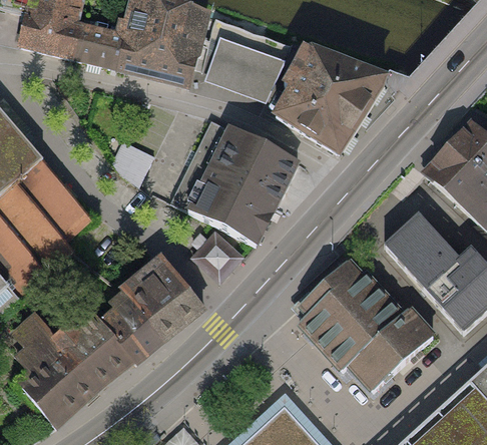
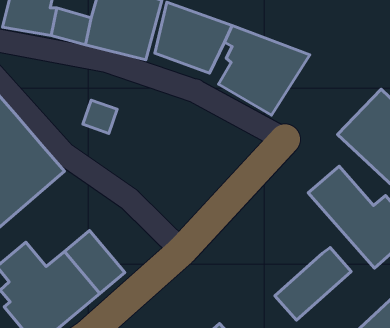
building: [170,118,299,245] -> none
building: [192,231,248,286] -> none
building: [123,259,202,340] -> none
building: [289,259,402,371] -> none

